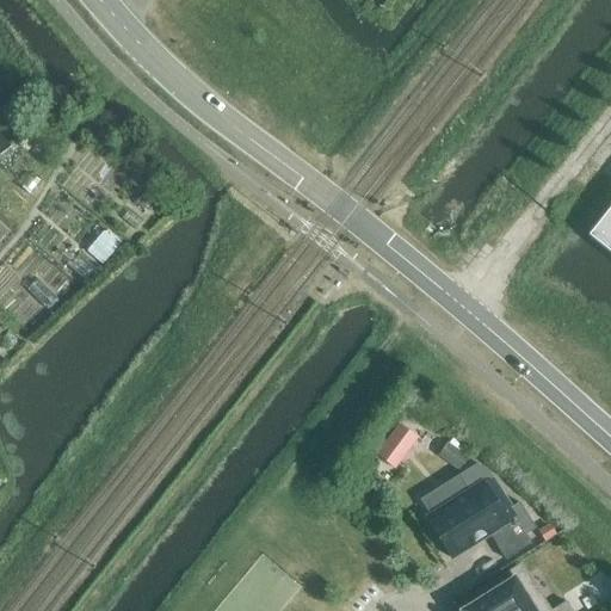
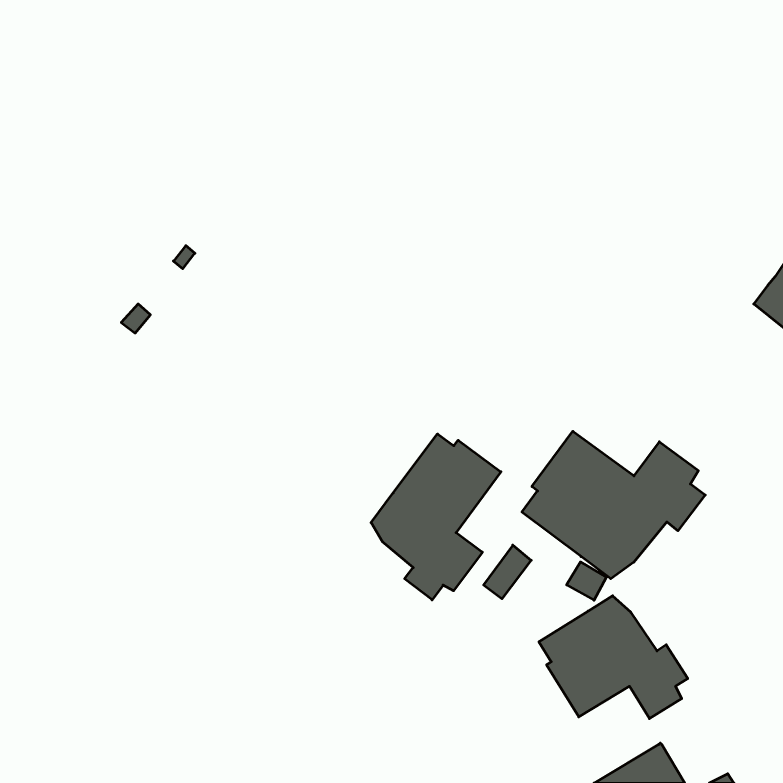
building: none -> [522,431,705,579]
building: none -> [371,434,501,600]

